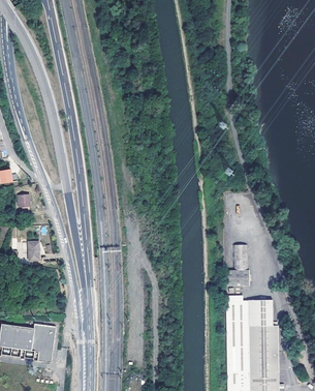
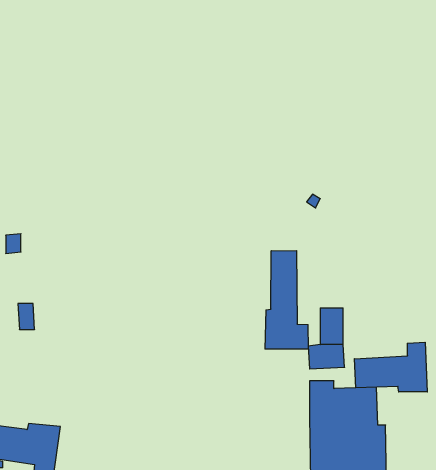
building: none -> [265,251,308,349]
building: none -> [354,342,427,392]

